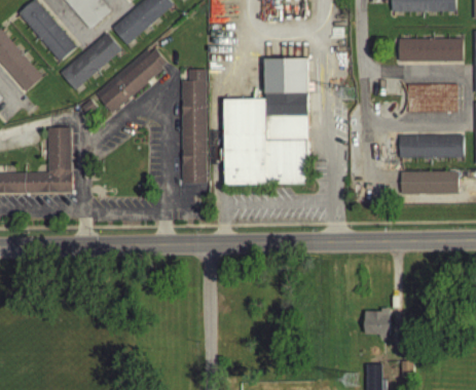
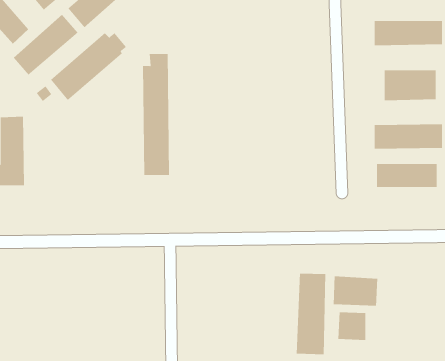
building: [225,58,309,185] -> none
building: none -> [296,273,326,355]
building: none -> [333,275,378,306]

